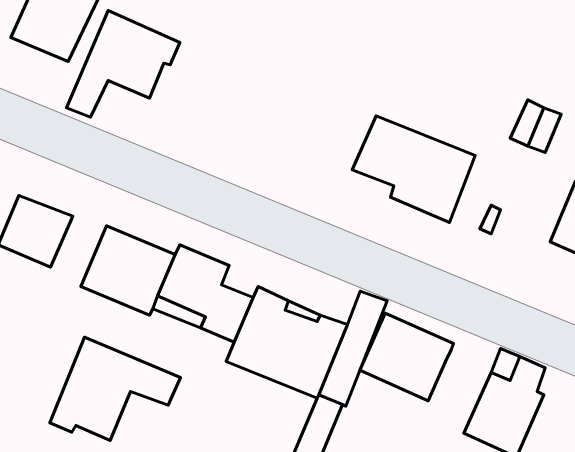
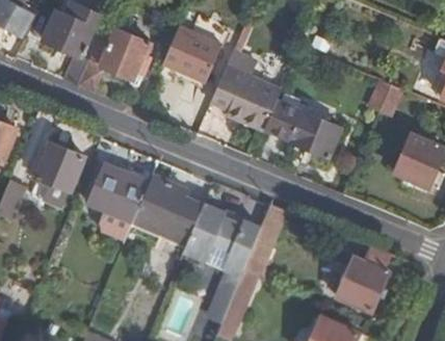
building: none -> [160,24,219,81]
building: none -> [208,52,280,129]
building: [360,313,453,401] -> none
building: [50,337,181,440] -> none

